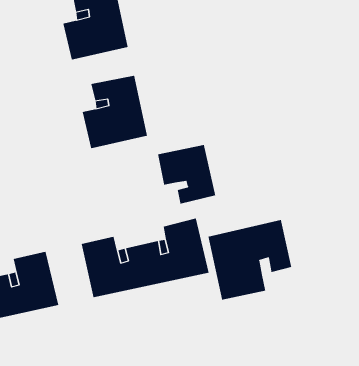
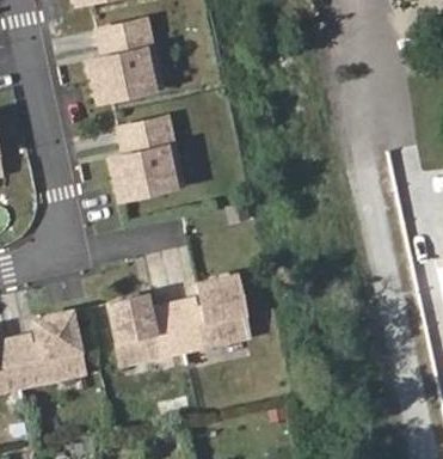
building: [158,144,216,205] -> none
building: [208,219,292,300] -> none

